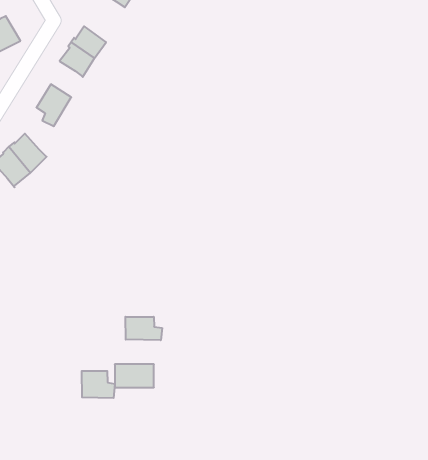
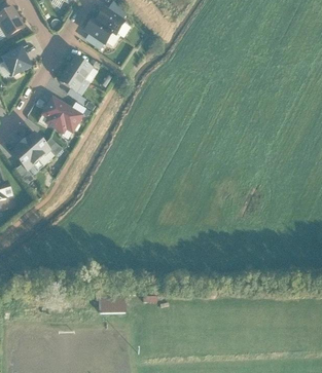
building: none -> [55,106,82,132]
building: [125,317,162,340] -> none
building: [82,371,115,398] -> none

